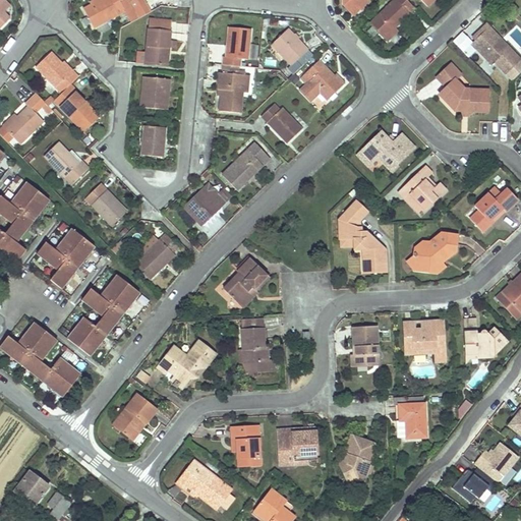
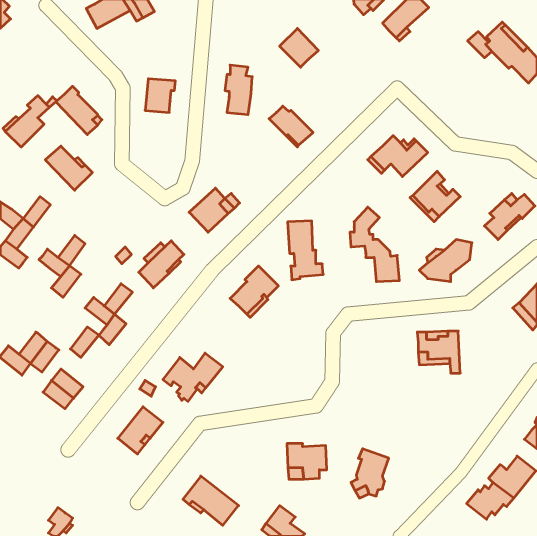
building: [146,19,177,65] -> none
building: [223,26,251,65] -> none
building: [37,52,77,92] -> none
building: [299,59,343,103] -> none
building: [436,62,487,110] -> none
building: [140,125,166,157] -> none
building: [223,142,270,189] -> none
building: [11,182,39,212] -> none
building: [84,182,127,225] -> none
building: [67,236,95,266] -> none
building: [111,283,139,313] -> none
building: [240,317,275,374] -> [288,221,323,280]
building: [464,319,508,358] -> none
building: [78,325,106,355] -> none
building: [351,327,378,367] -> none
building: [21,352,50,380] -> none
building: [399,404,426,438] -> none
building: [231,425,260,465] -> none
building: [14,471,49,506] -> none

